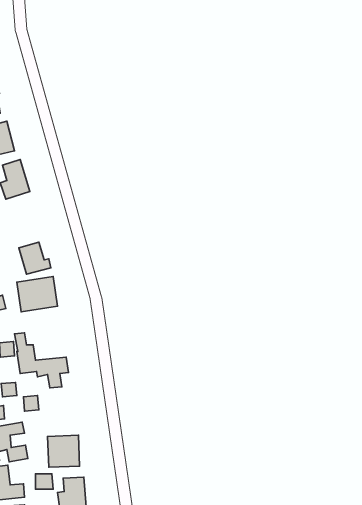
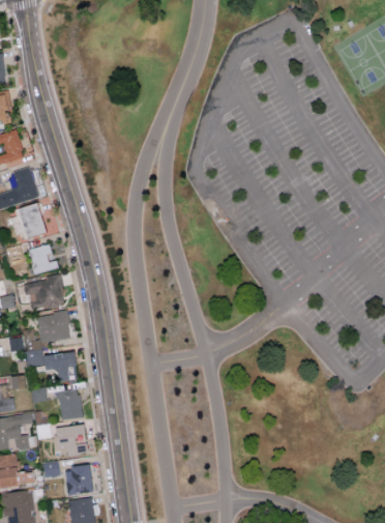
building: none -> [18,204,43,239]
building: none -> [37,312,69,342]
building: none -> [58,390,81,418]

